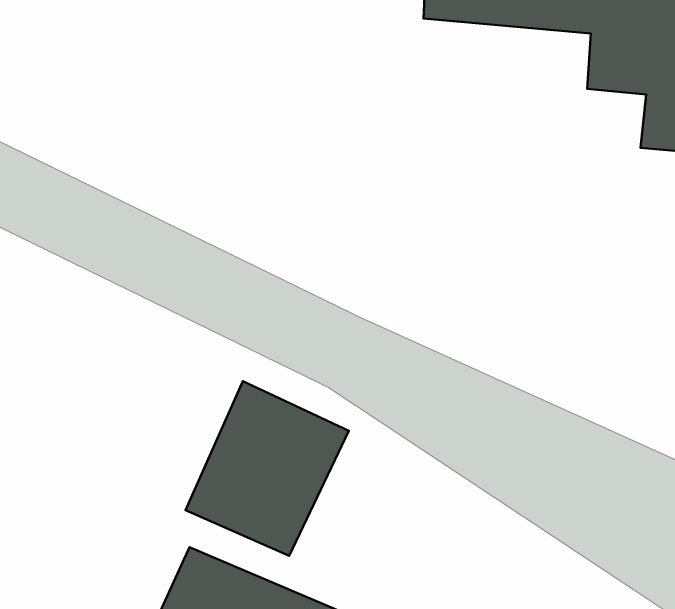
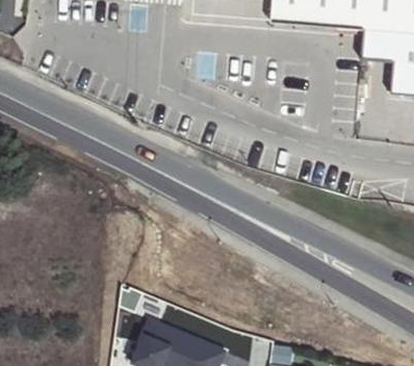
building: [185,381,349,556] -> none

